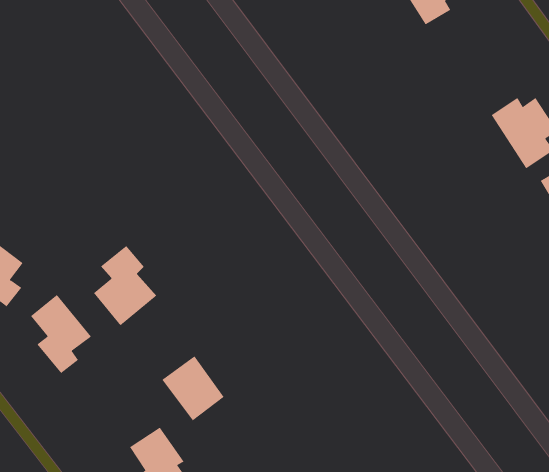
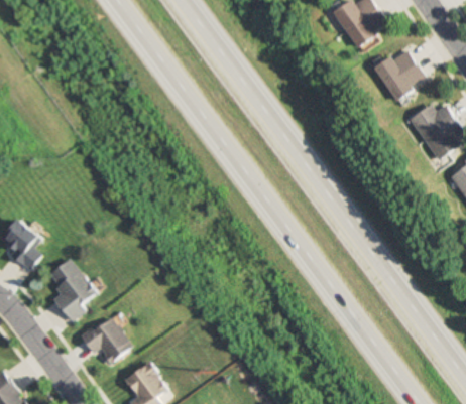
building: none -> [373,47,425,100]
building: [93,245,157,326] -> none
building: [161,355,225,421] -> [82,314,131,366]

